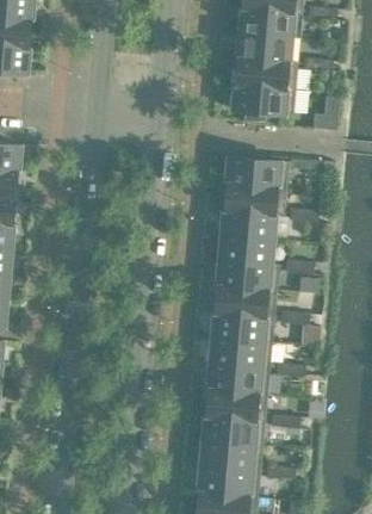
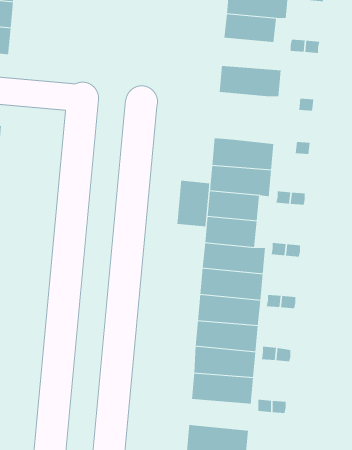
building: [235,57,297,89] -> none
building: none -> [177,180,210,227]
building: [203,415,265,446] -> none

